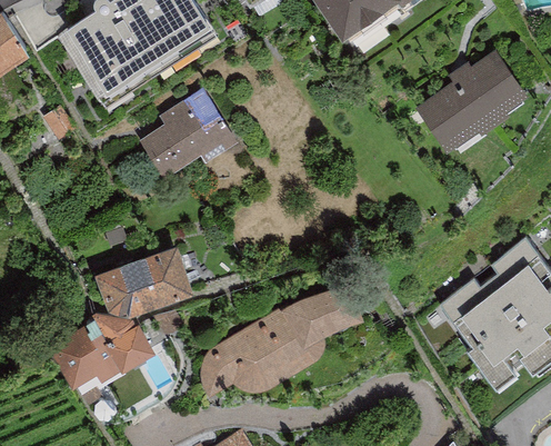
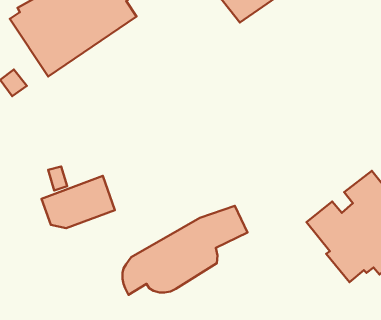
building: [413,54,527,156] -> none
building: [139,88,236,177] -> none
building: [46,311,153,394] -> none

